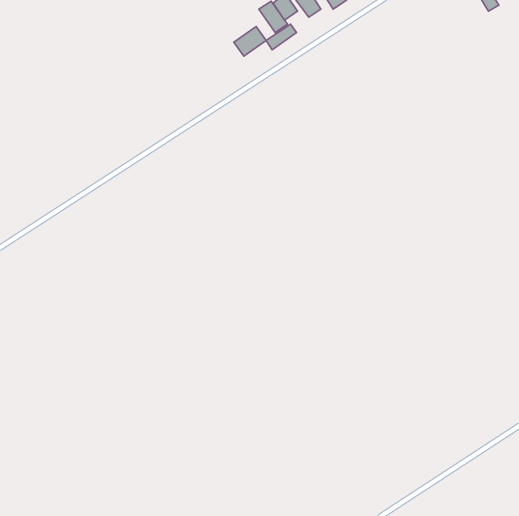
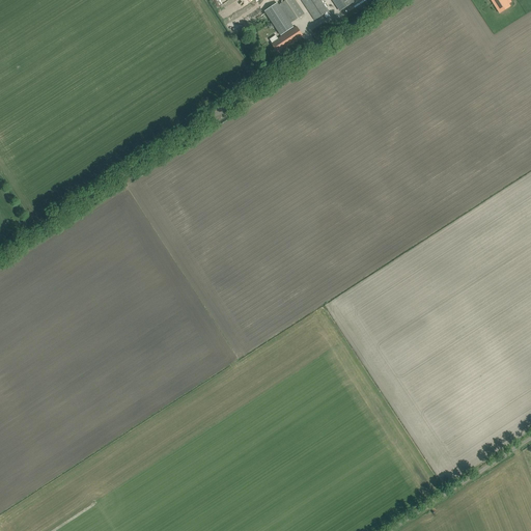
building: [234,27,266,56] -> none

